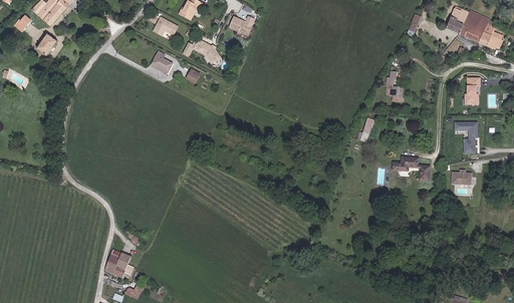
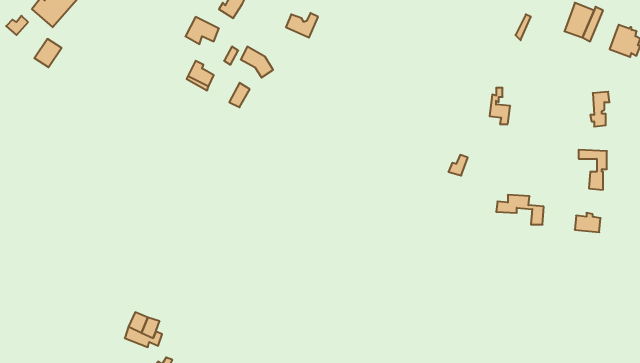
building: [466,13,490,43] -> none

